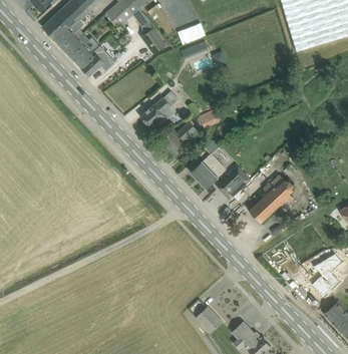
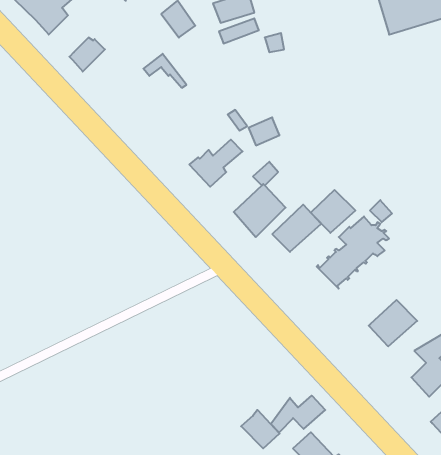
building: [66,34,93,66] -> none
building: [140,91,179,127] -> none
building: none -> [311,190,355,233]
building: none -> [369,300,417,346]
building: none -> [271,396,325,432]

